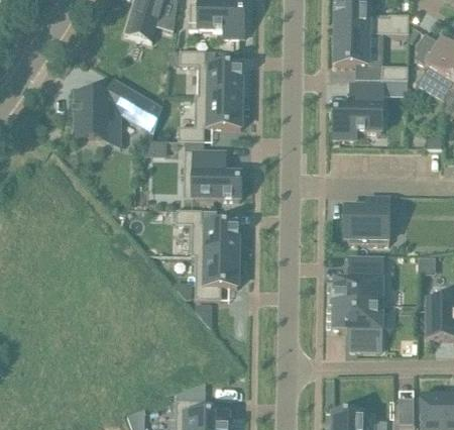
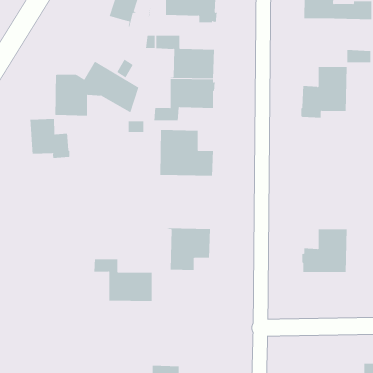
building: [334,32,368,64] -> none
building: none -> [30,118,70,159]
building: [344,195,389,242] -> none
building: [176,209,238,254] -> [93,259,153,302]
building: [334,301,381,347] -> none

